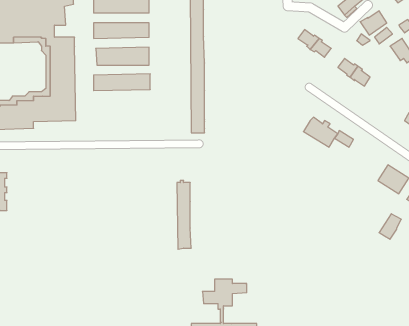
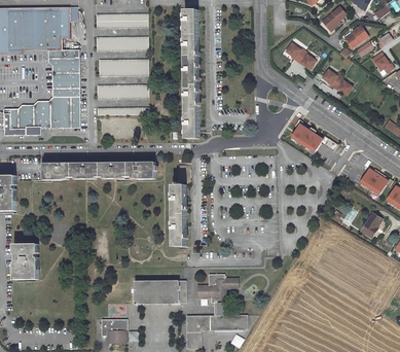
building: none -> [43,162,154,179]
building: none -> [13,243,38,279]
building: none -> [134,280,186,303]

